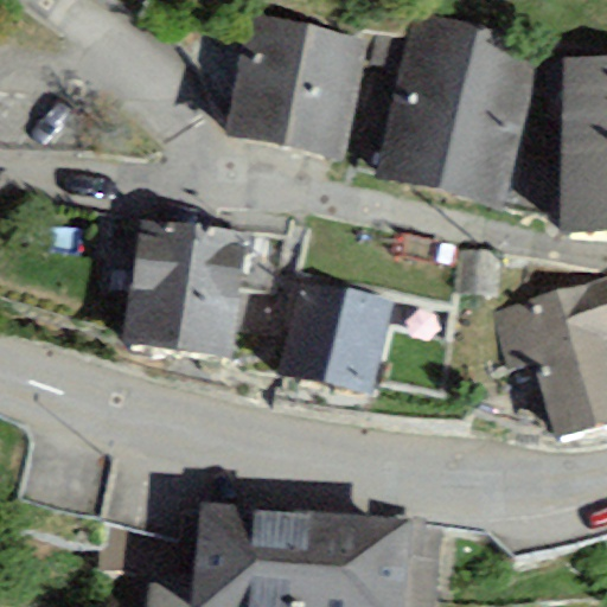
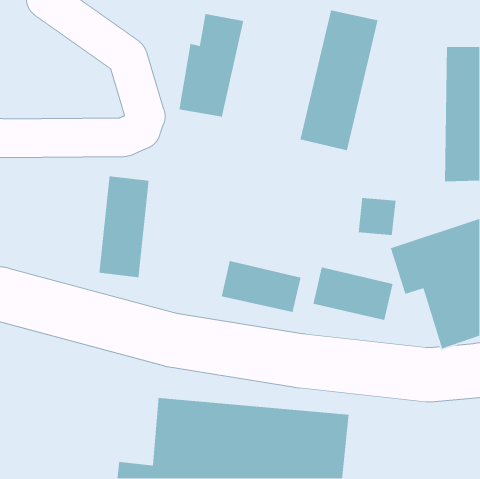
building: [439,25,541,205] -> none
building: [281,26,365,160] -> none
building: [175,228,243,356] -> none
building: [289,281,391,350] -> [313,266,393,321]

